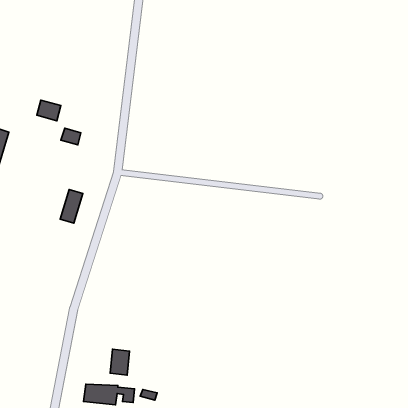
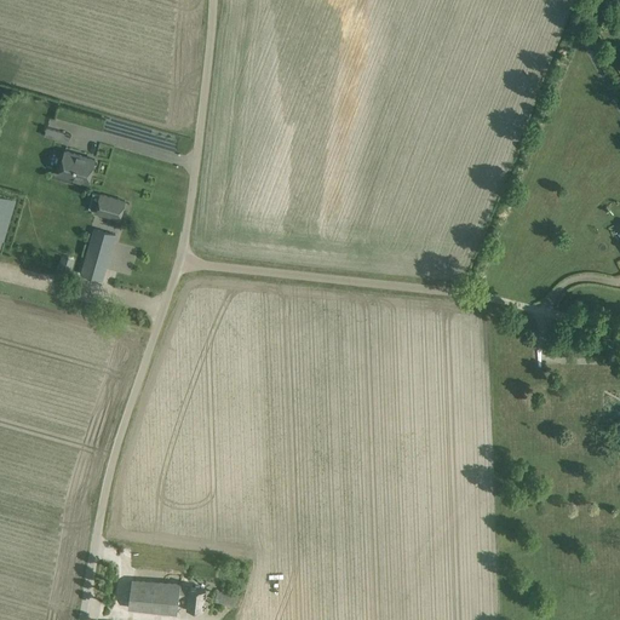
building: [60,189,83,223] -> [79,230,113,281]
building: [110,349,130,375] -> none

